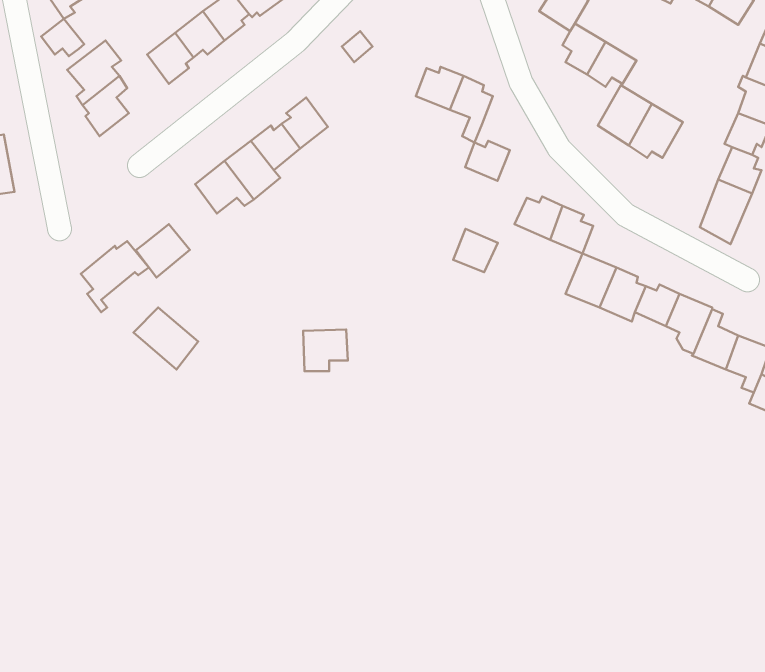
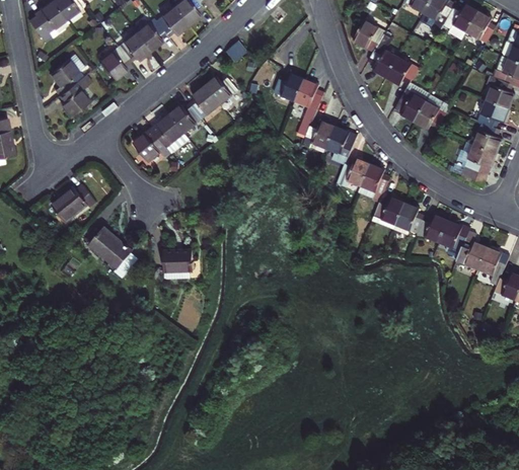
building: [41,19,84,56] -> none
building: none -> [202,80,234,110]
building: [136,224,190,277] -> none
building: [453,229,498,272] -> [327,126,357,154]
building: [303,329,348,371] -> [164,252,194,280]

